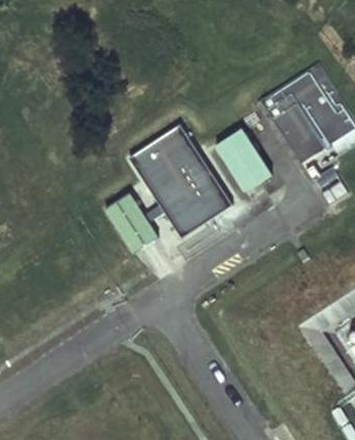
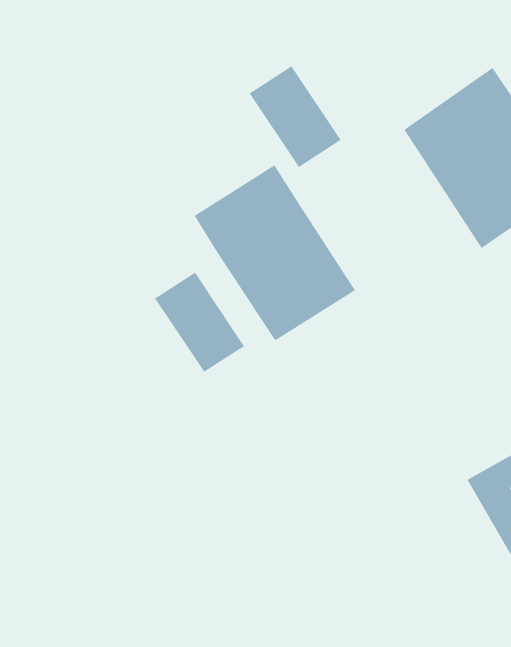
building: [217,126,274,189] -> [249,66,341,168]

